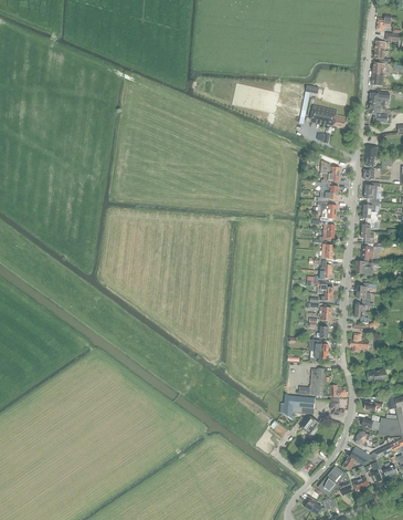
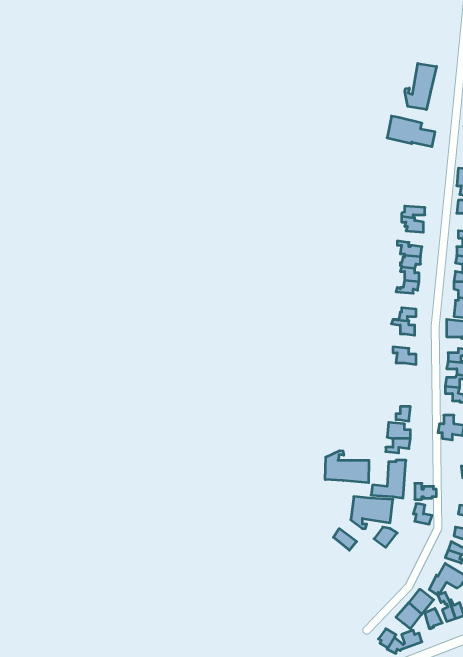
building: none -> [405,63,437,110]
building: none -> [325,451,369,483]

